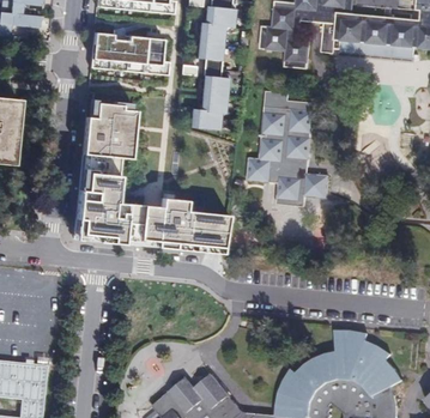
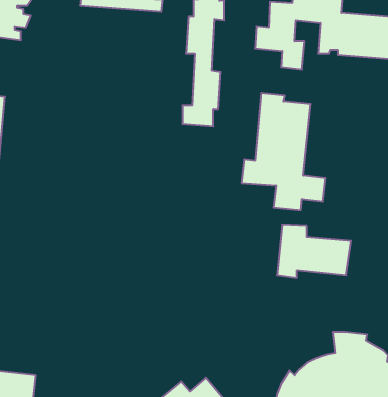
building: [87,35,168,74] -> none
building: [75,103,145,243] -> none
building: [156,190,228,242] -> [277,225,351,278]

